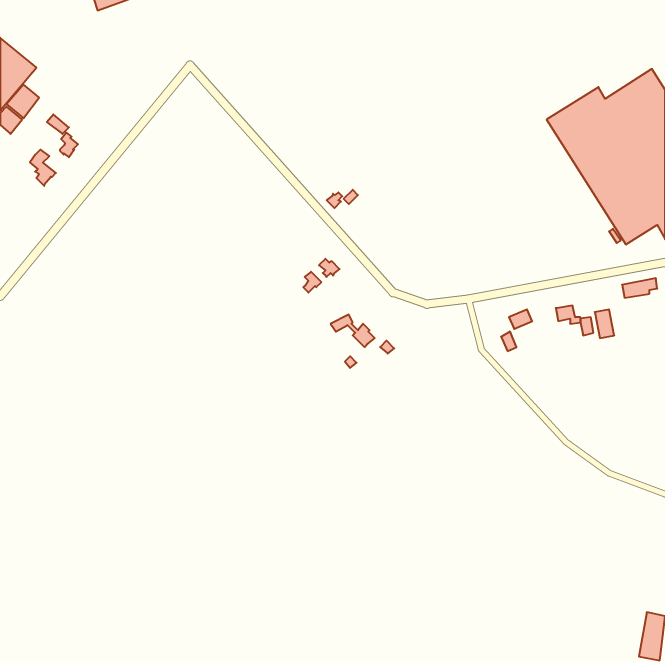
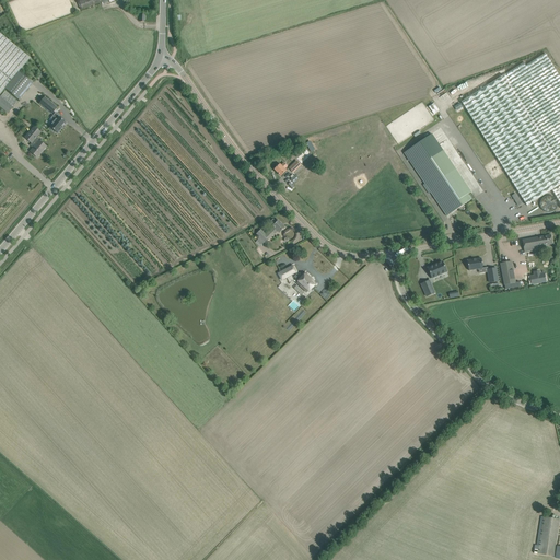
building: none -> [404,133,471,215]

